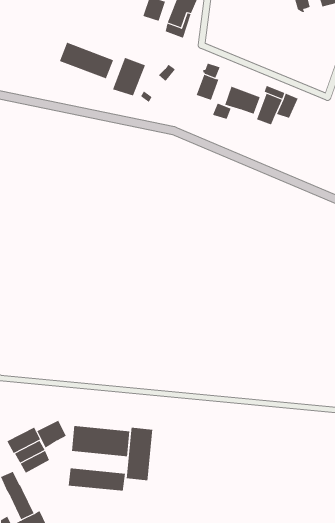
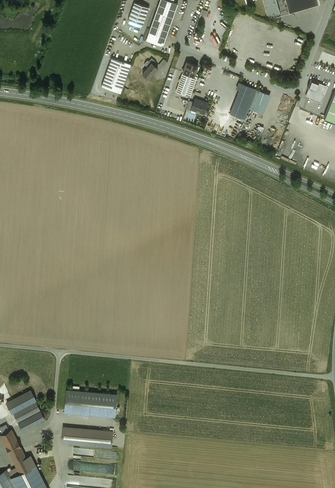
building: [59,42,114,79] -> none
building: [224,86,261,115] -> none
building: [36,420,67,448] -> none
building: [126,427,153,481] -> none

